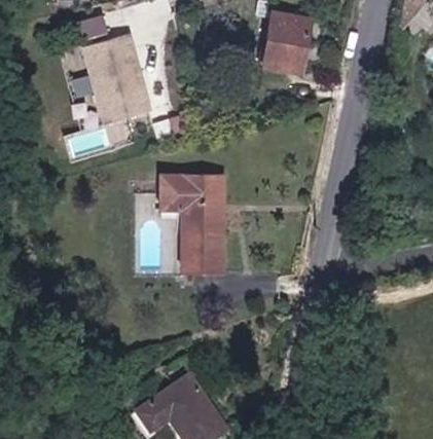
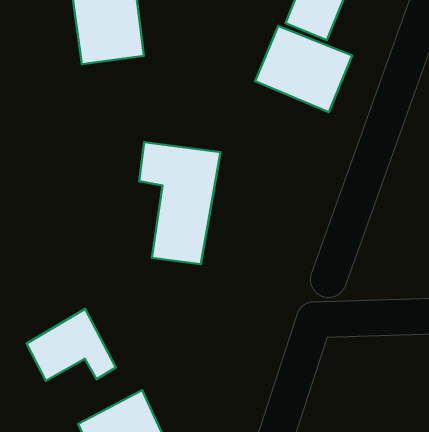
building: none -> [255,26,352,112]
building: none -> [26,309,116,381]

